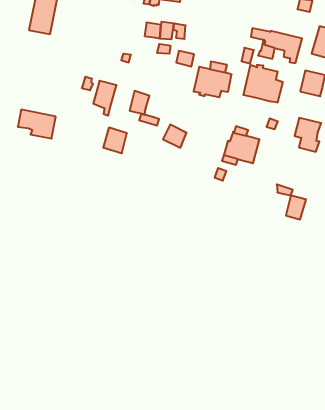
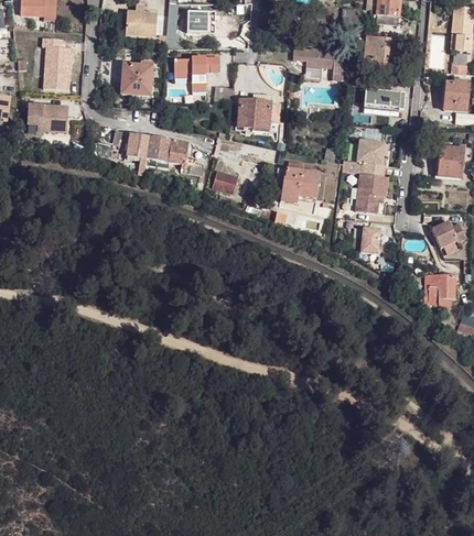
building: none -> [120,61,152,94]
building: [243,65,283,103] -> none
building: [18,110,56,139] -> [26,103,67,131]
building: [103,128,127,153] -> [147,134,171,161]
building: none -> [356,174,388,212]

